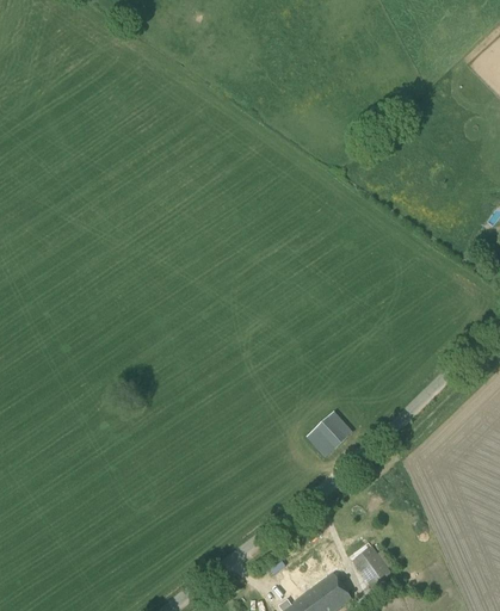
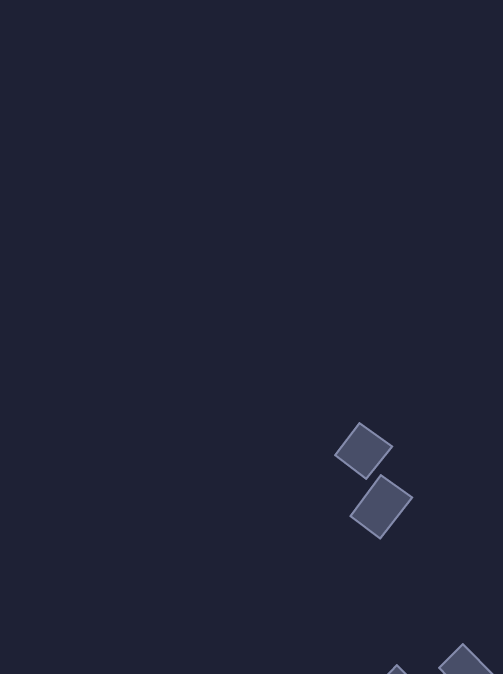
building: none -> [335,423,392,479]

